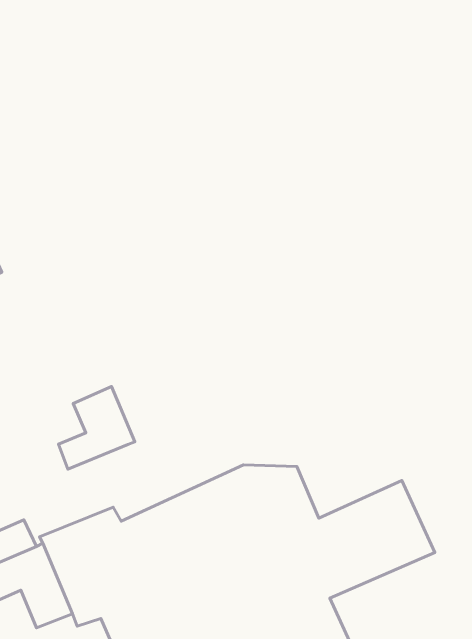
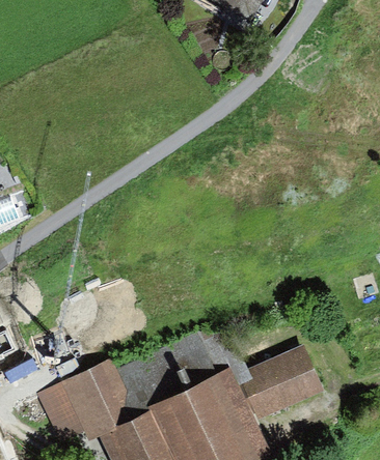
building: [58,387,135,469] -> none

